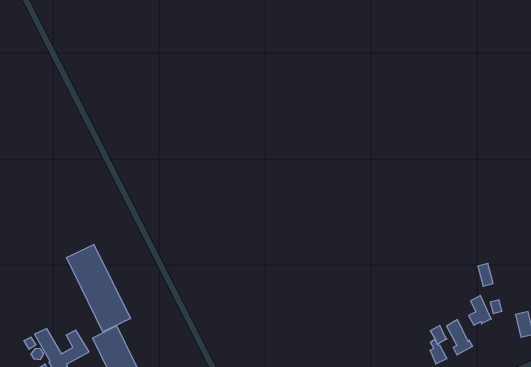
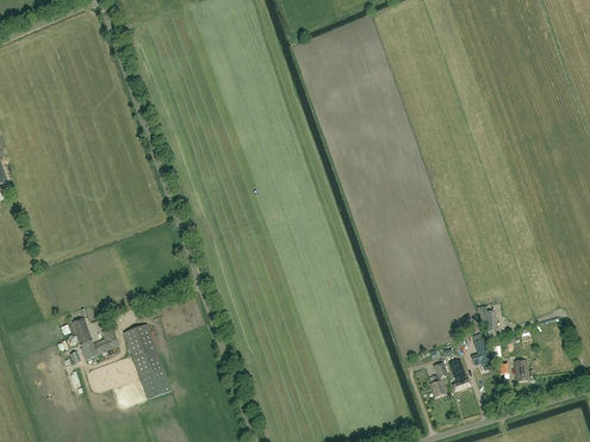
building: [66,244,130,332] -> none

